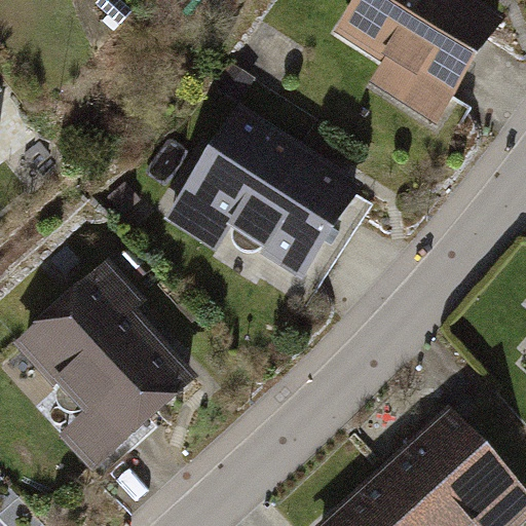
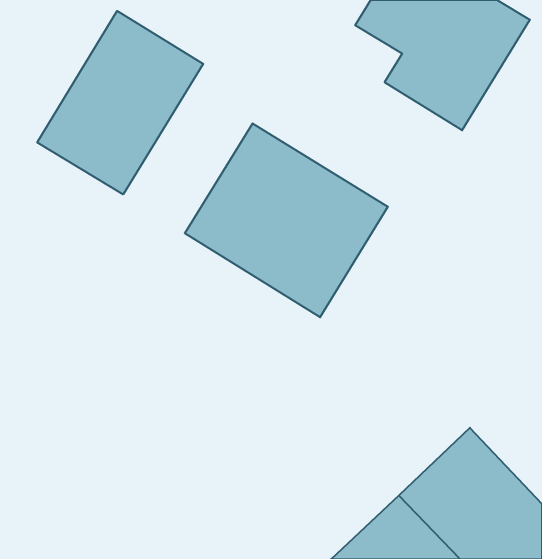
building: none -> [37,11,203,194]
building: [16,269,201,481] -> none

